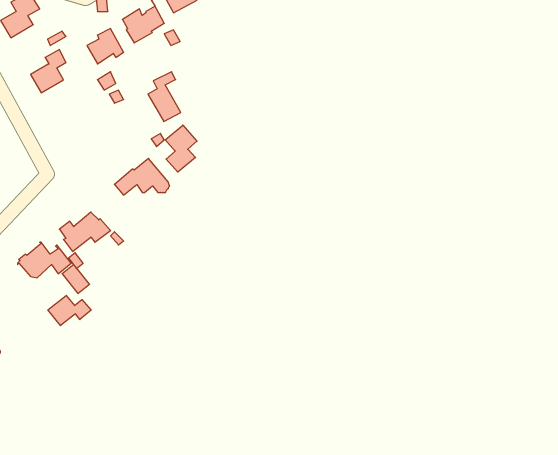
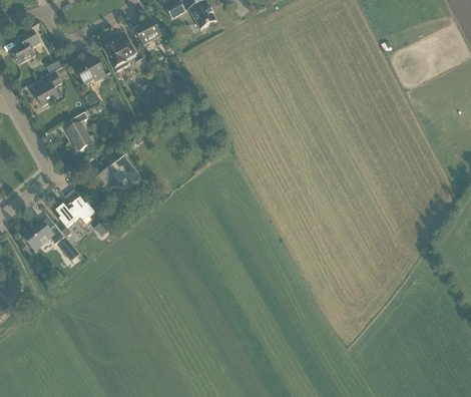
building: [148,72,181,122] -> [66,111,91,149]
building: [165,125,197,172] -> none
building: [48,295,91,326] -> none

